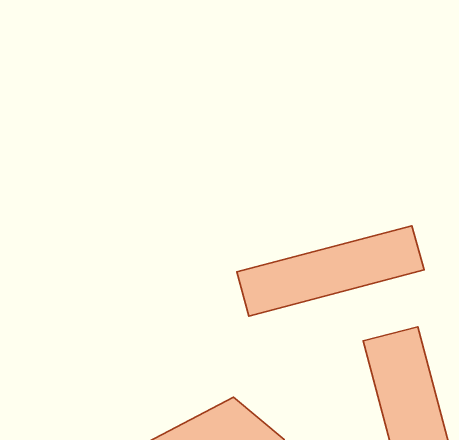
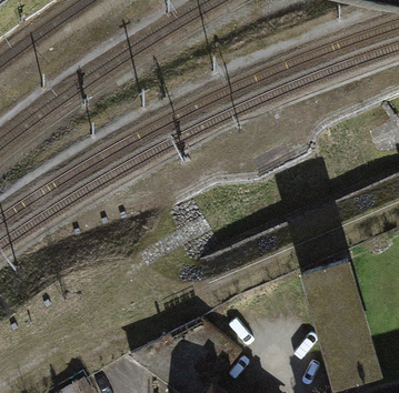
building: [237,226,424,316] -> none

